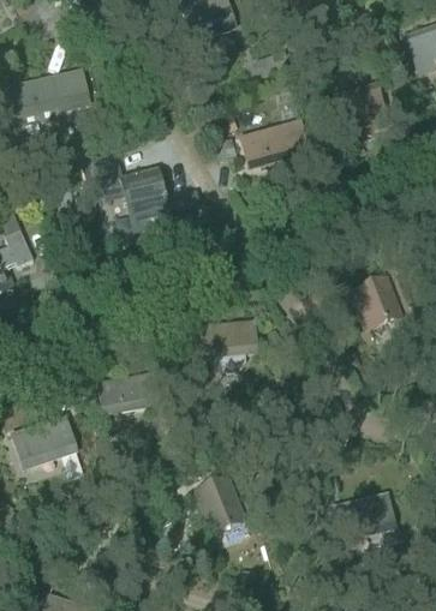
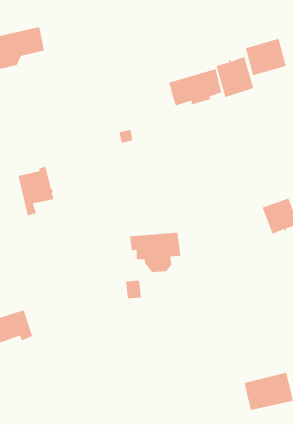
building: none -> [215,56,254,98]
building: [123,167,173,229] -> [17,166,58,217]
building: [98,372,160,411] -> none
building: [195,474,245,529] -> none

